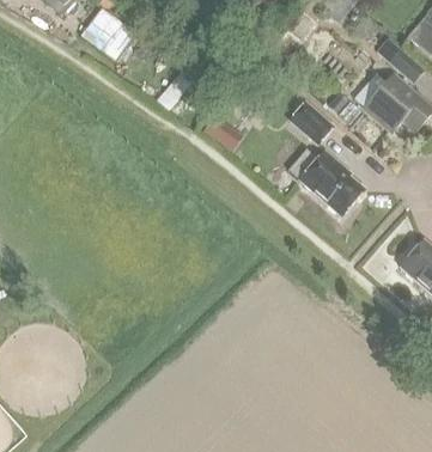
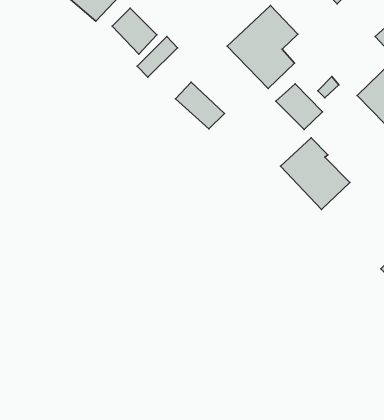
building: none -> [227,5,298,89]
building: none -> [112,8,157,54]

